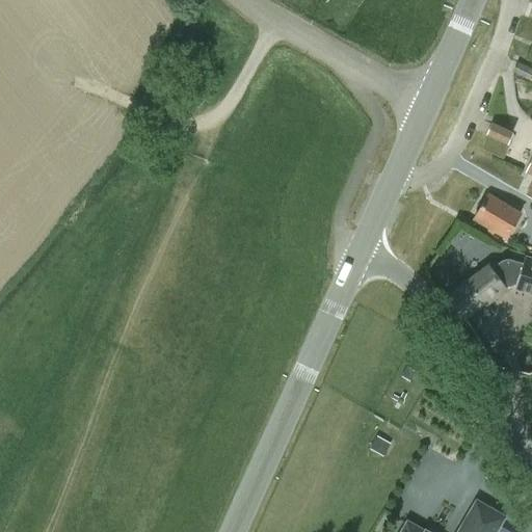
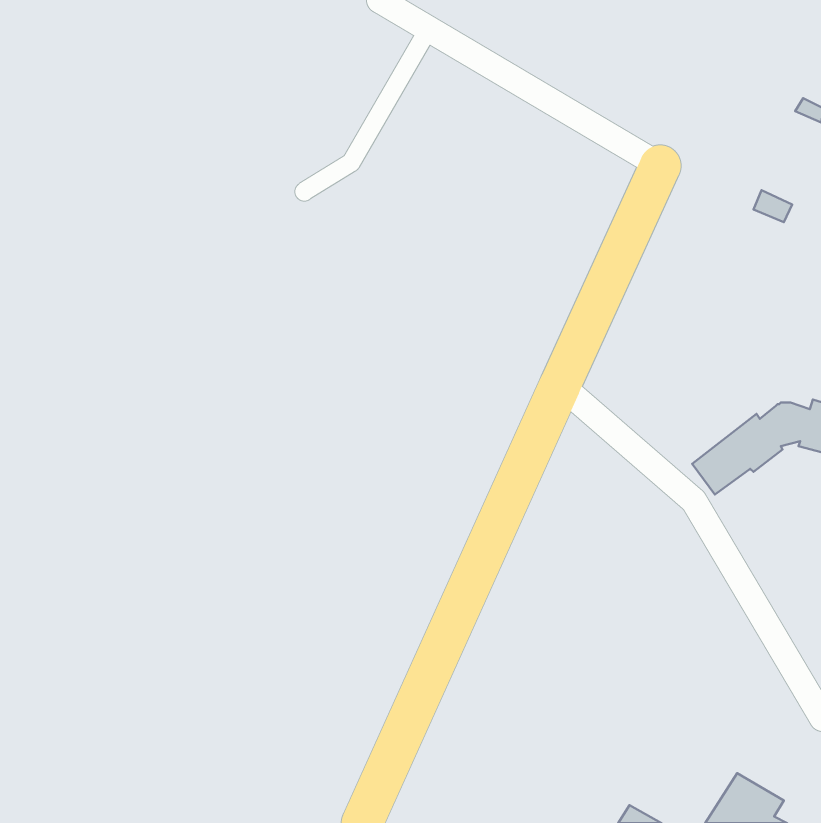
building: [475,194,522,238] -> none

